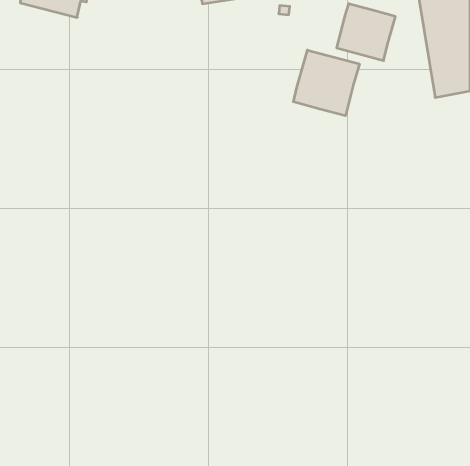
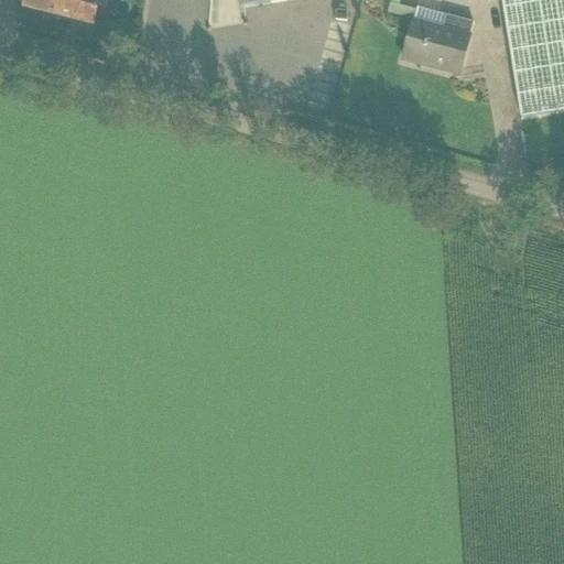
building: [293,50,359,116] -> none

